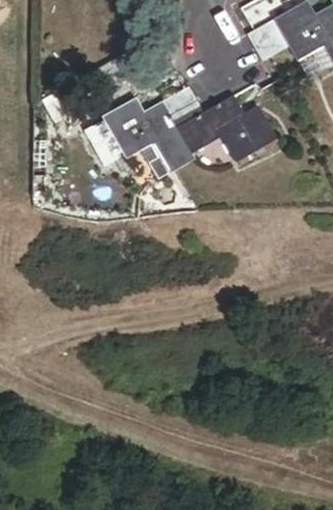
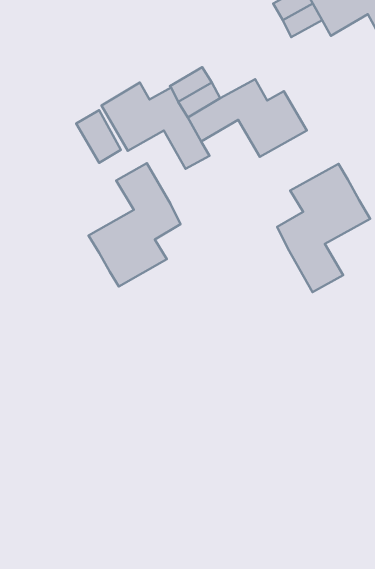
building: none -> [89,163,181,287]
building: none -> [277,164,370,292]

